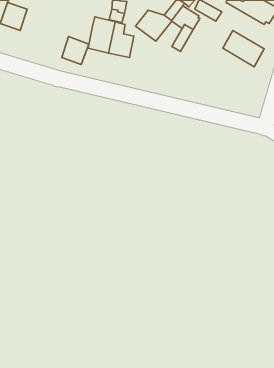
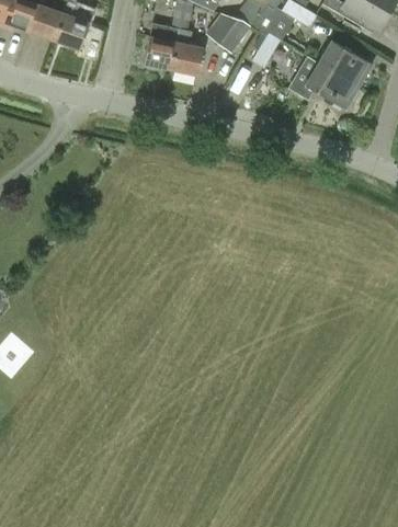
building: [62,36,89,64] -> [56,12,91,48]
building: none -> [305,62,359,108]

